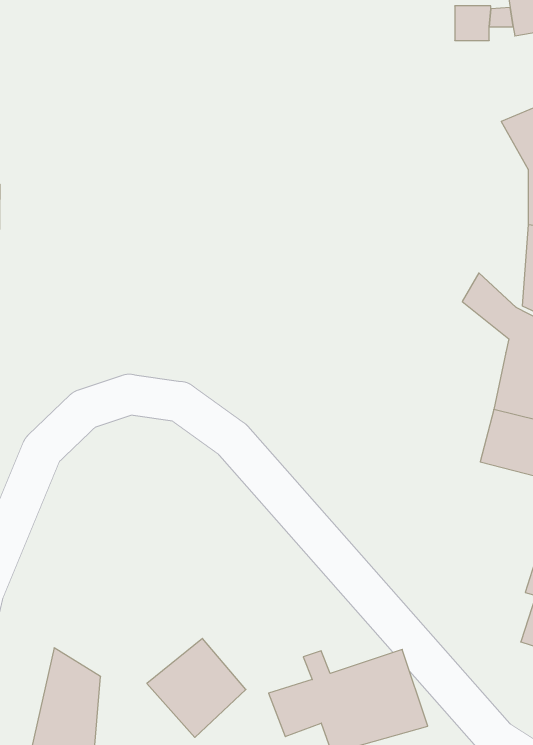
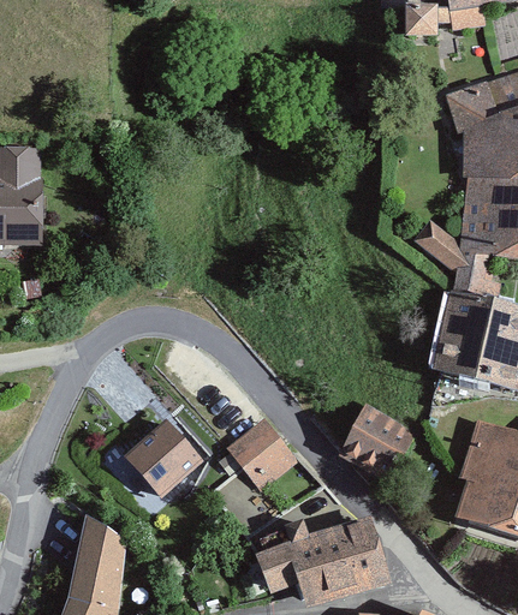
building: none -> [340,407,412,478]
building: none -> [228,422,292,486]
building: [147,638,246,737] -> [121,422,201,501]

